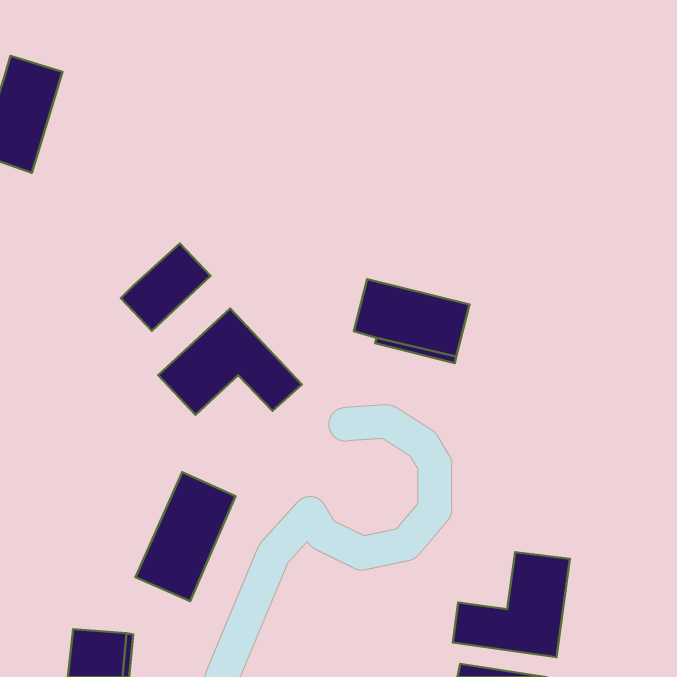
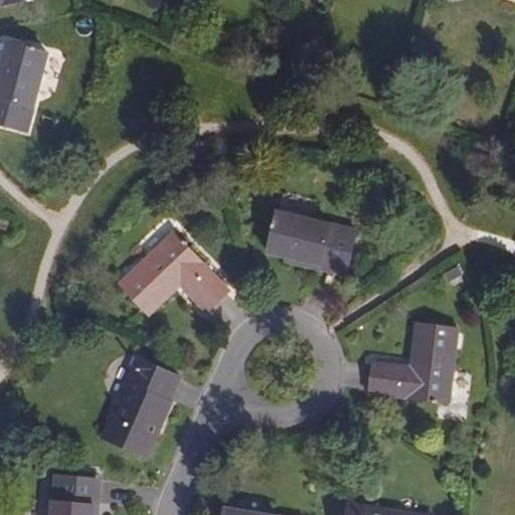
building: [121,243,211,331] -> none
building: [453,552,570,657] -> [369,323,458,402]

